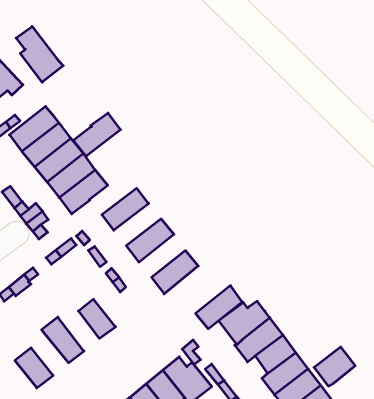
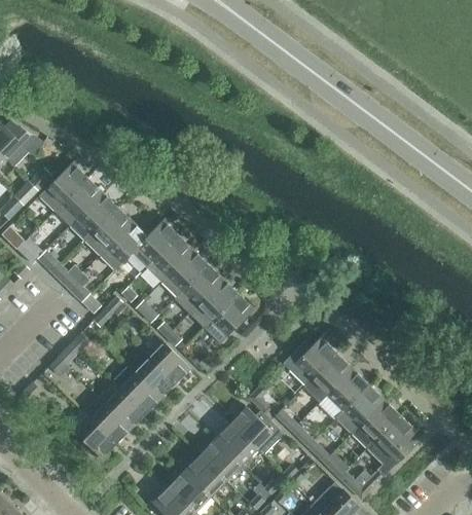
building: [16,26,63,82] -> none
building: [73,113,121,156] -> [130,220,178,268]
building: none -> [159,250,208,298]
building: [196,286,242,329] -> [190,279,238,327]
building: none -> [148,341,190,383]
building: none -> [113,367,159,413]
building: none -> [83,397,131,443]
building: [314,347,355,386] -> none

